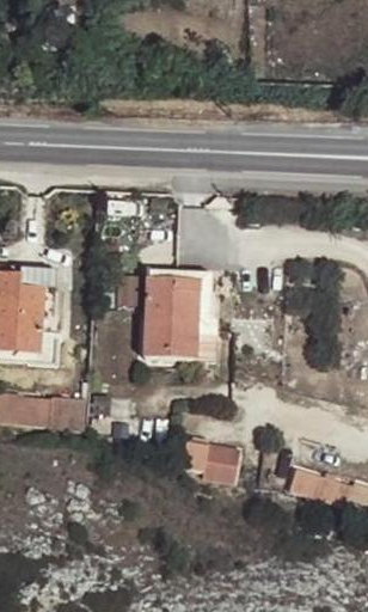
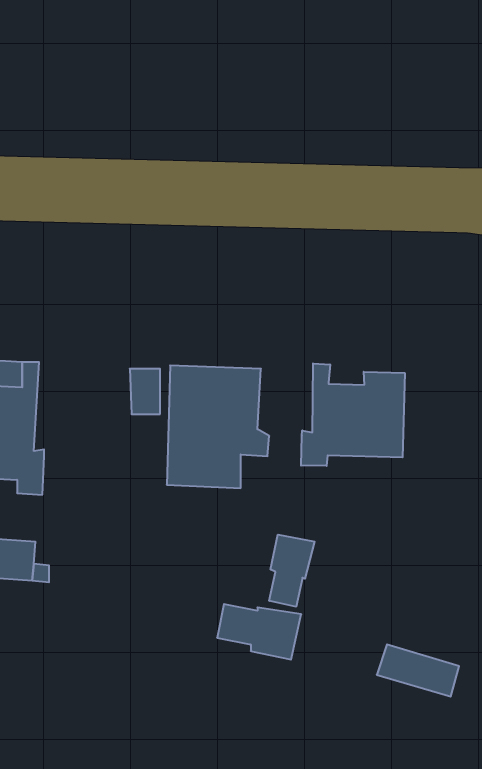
building: none -> [301,363,405,466]
building: none -> [269,535,315,607]

